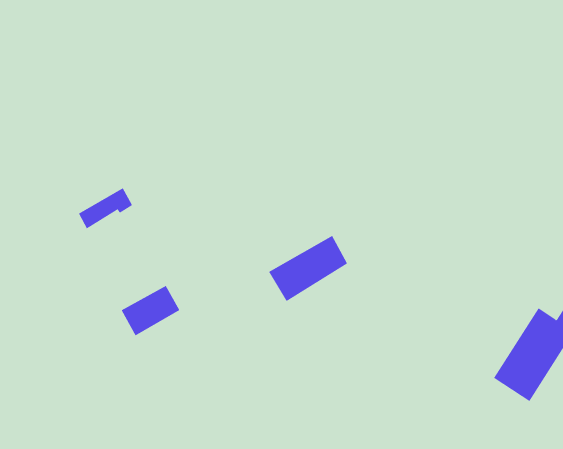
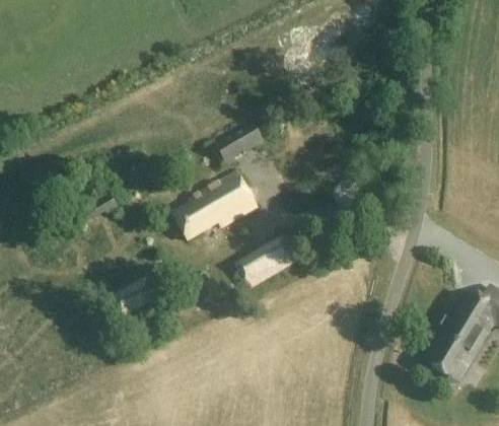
building: none -> [217,122,267,166]
building: none -> [174,171,259,240]

